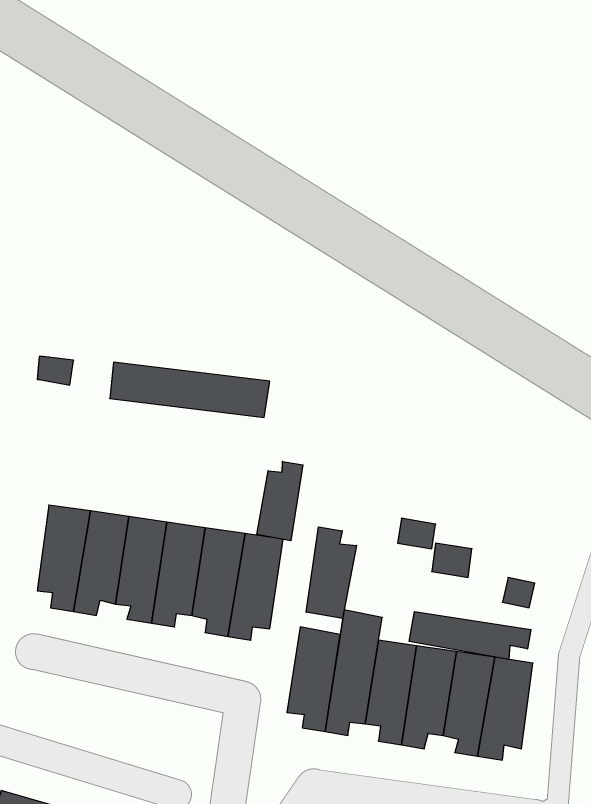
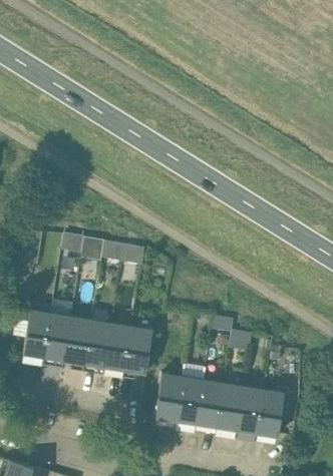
building: [257,461,303,541] -> none
building: [306,527,356,618] -> none
building: [409,612,531,659] -> none

